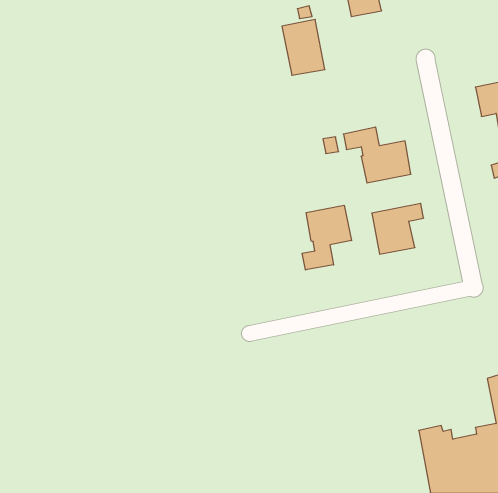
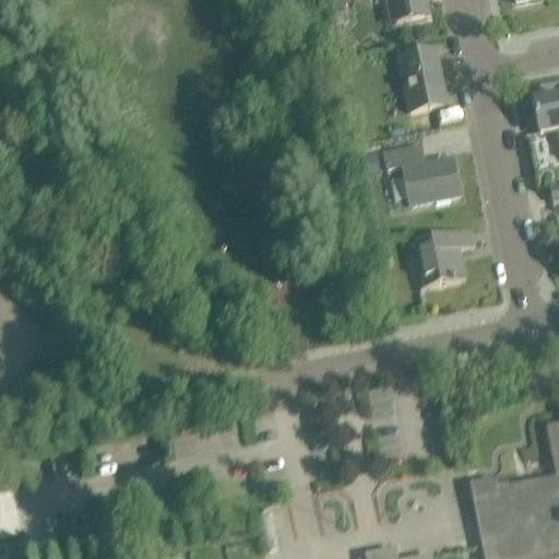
building: [282,19,325,75] -> [399,46,447,108]
building: [302,205,352,270] -> none

